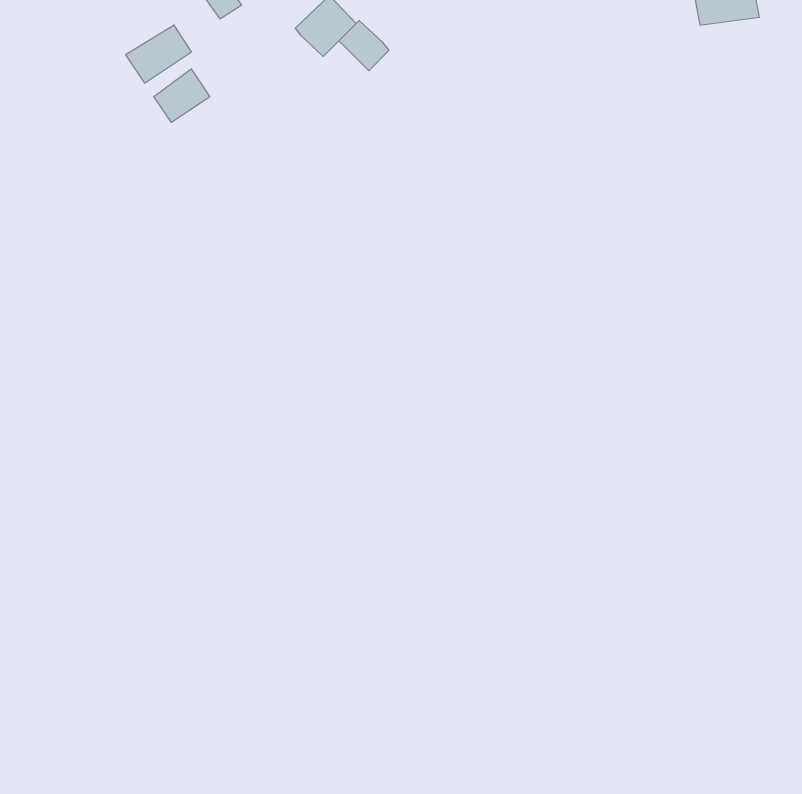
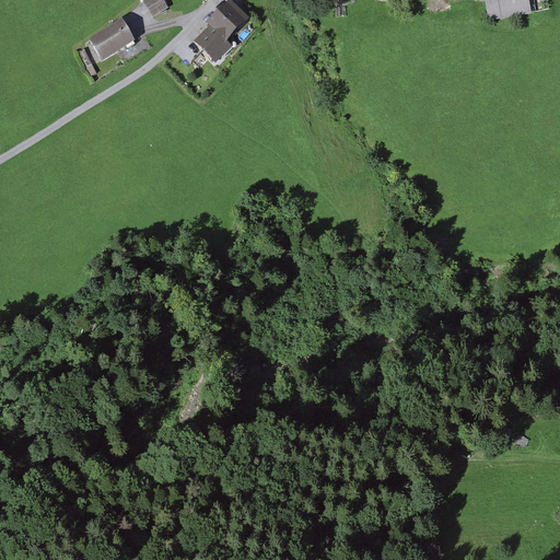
building: [339,20,389,71] -> [195,24,230,59]
building: [154,69,210,122] -> none

